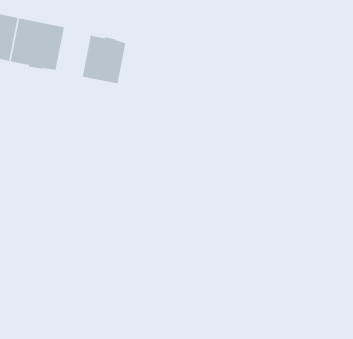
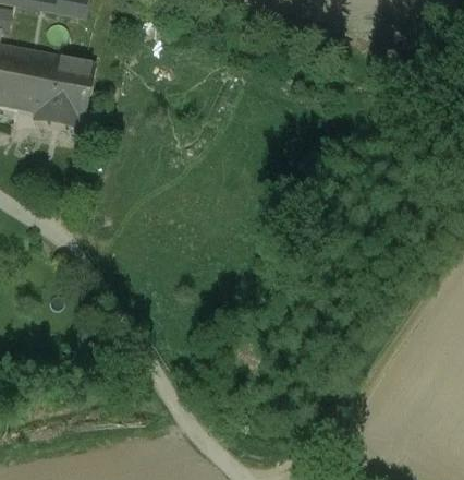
building: [82,35,126,84] -> none

